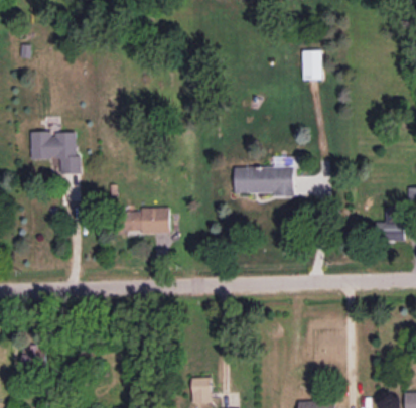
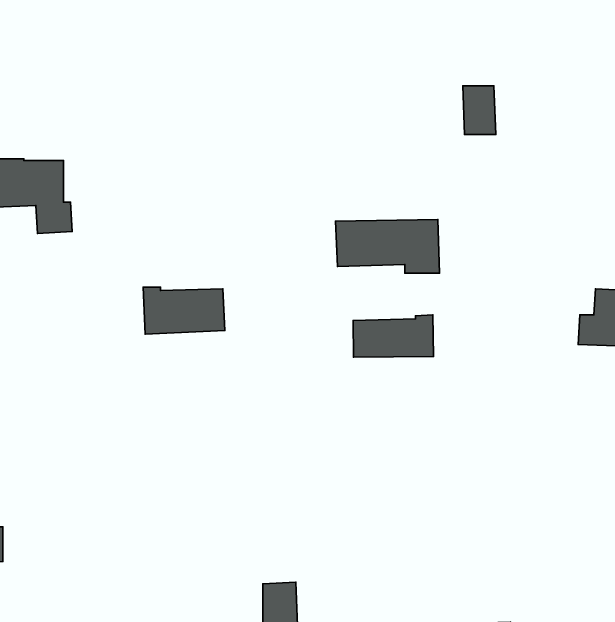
building: [302,51,321,80] -> [463,86,496,134]
building: none -> [353,315,433,357]

